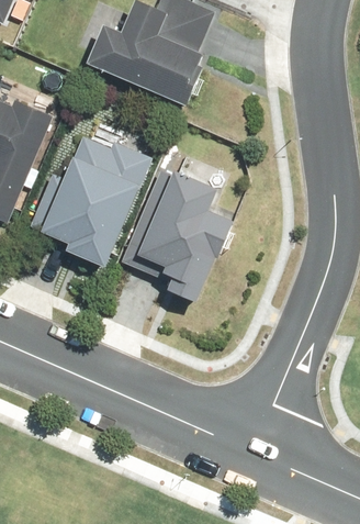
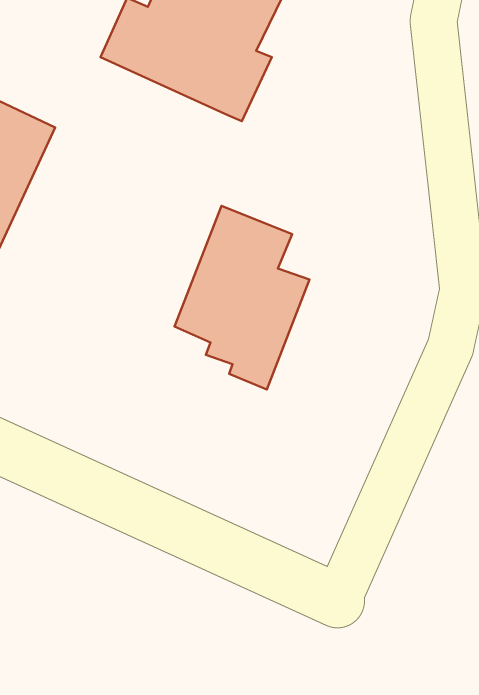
building: [41,136,153,266] -> none

